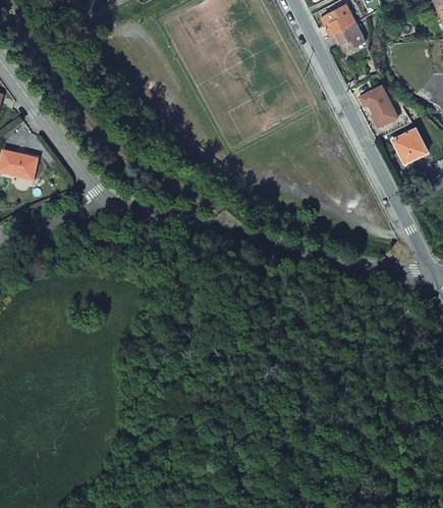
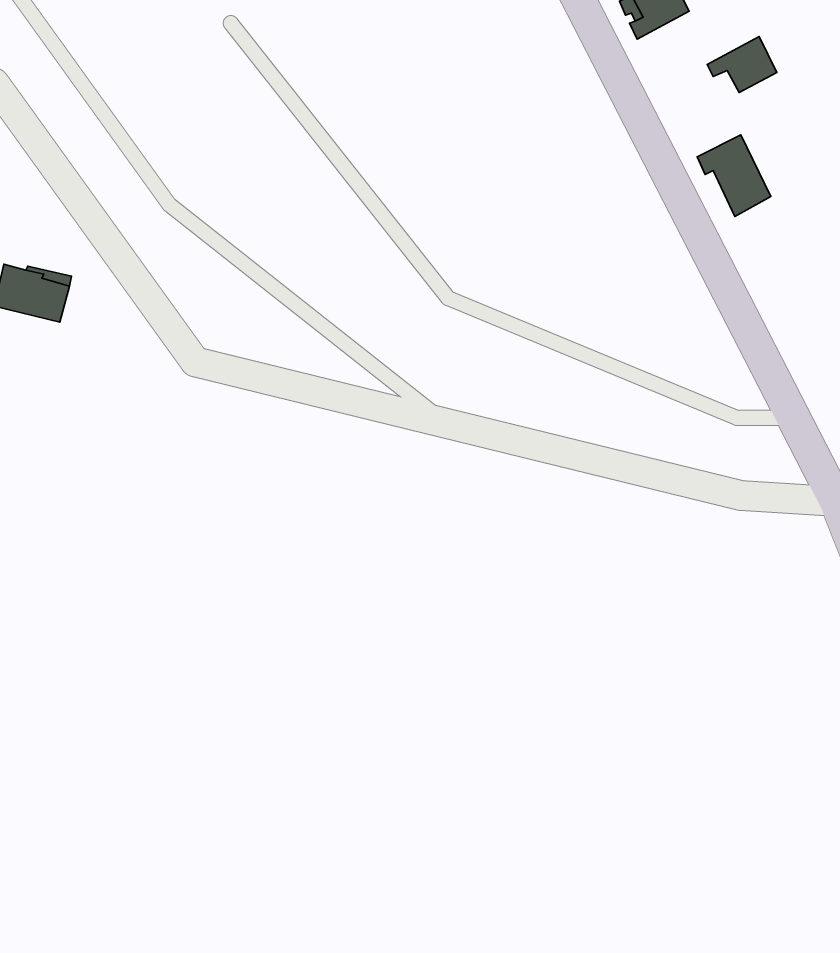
building: [329,21,365,50] -> [707,37,777,92]
building: [393,128,426,161] -> none

